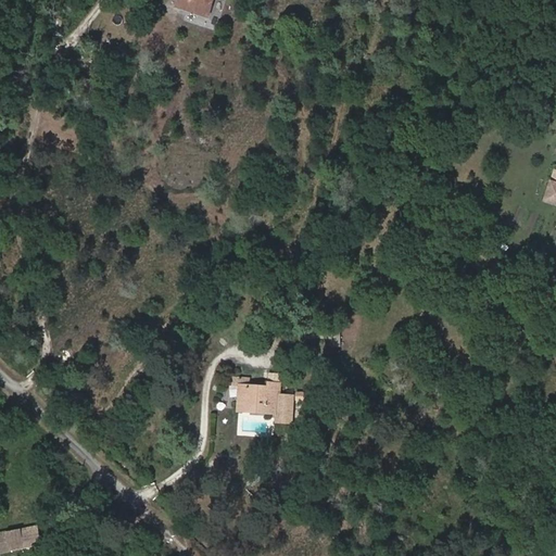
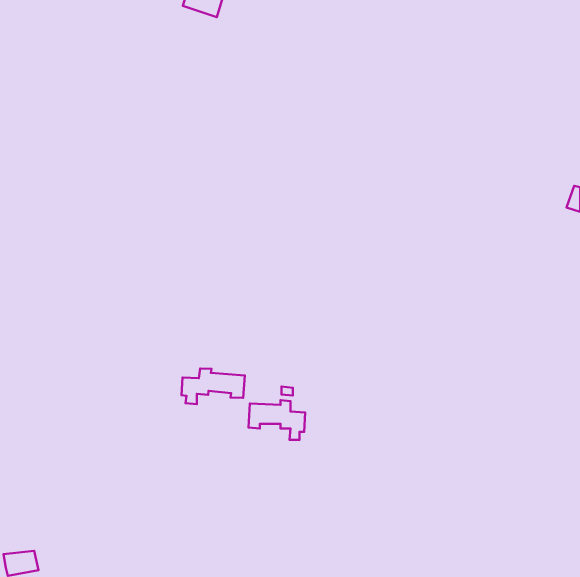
building: none -> [181,369,245,404]

